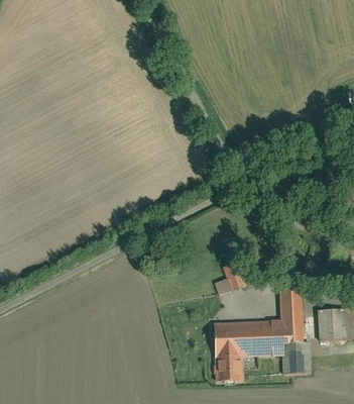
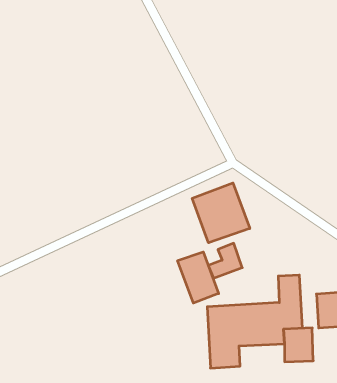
building: none -> [192,183,250,243]
building: none -> [178,252,219,303]

